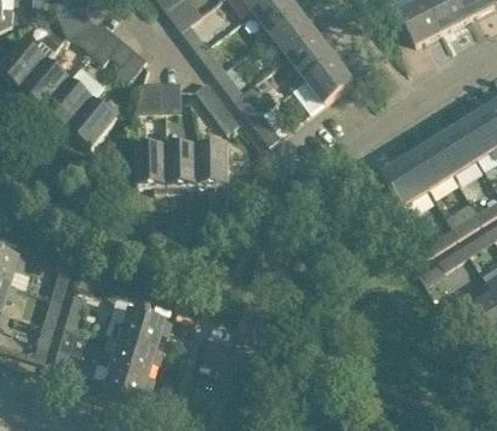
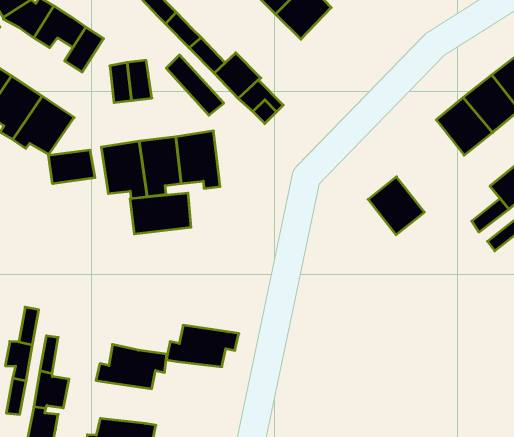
building: [294,56,353,113] -> none
building: none -> [48,150,95,184]
building: [384,157,429,204] -> [368,177,424,235]
building: none -> [130,193,191,234]
building: [101,339,162,376] -> [166,325,239,367]

